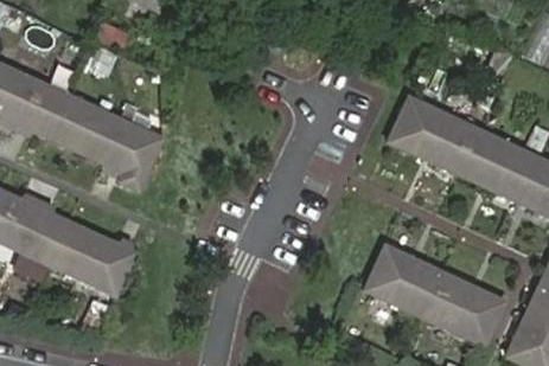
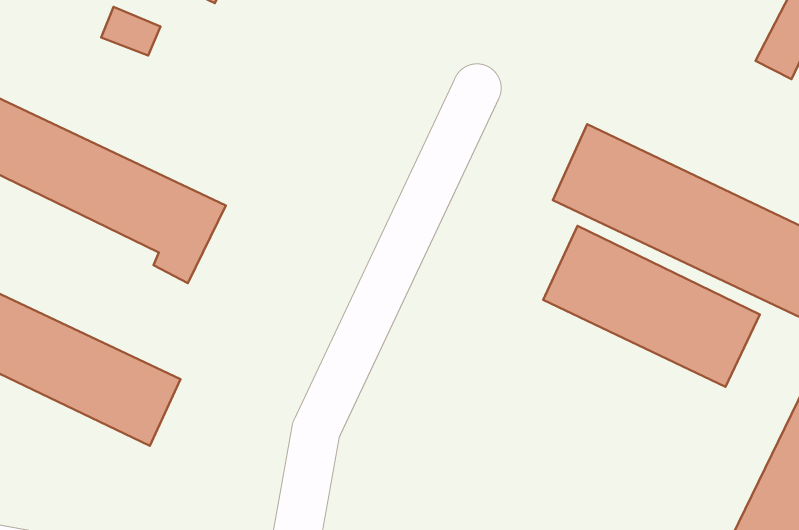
building: [364,240,506,346] -> [543,226,760,387]

